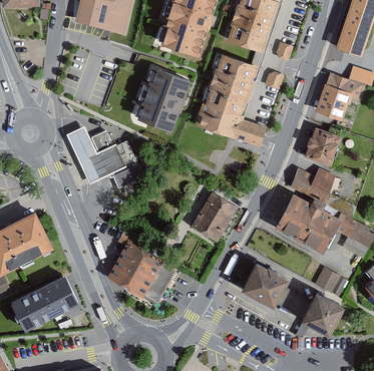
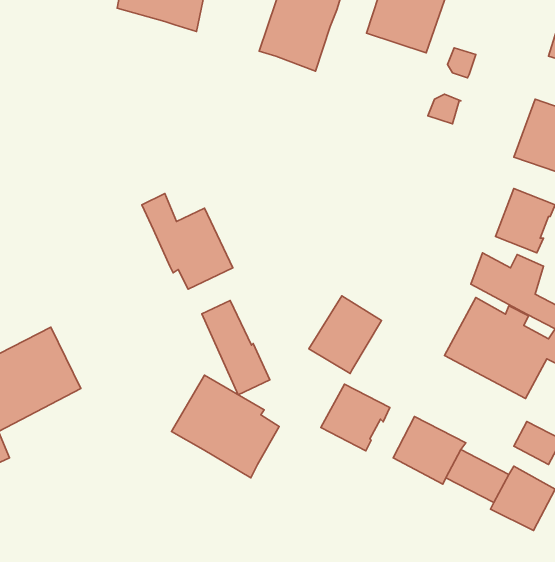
building: [197,56,266,146] -> none
building: [133,66,188,128] -> none
building: [66,127,107,184] -> [202,301,270,395]
building: none -> [321,384,390,451]
building: [11,279,78,333] -> none

